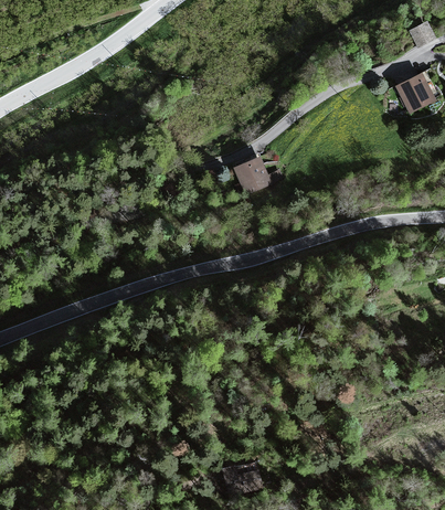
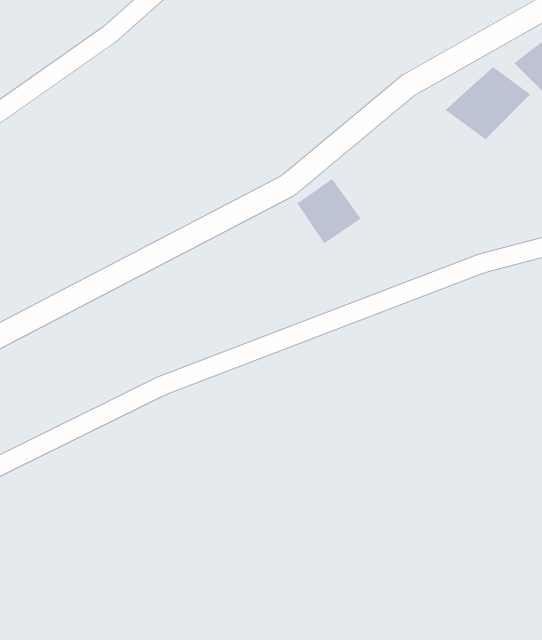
building: none -> [444,66,531,140]

